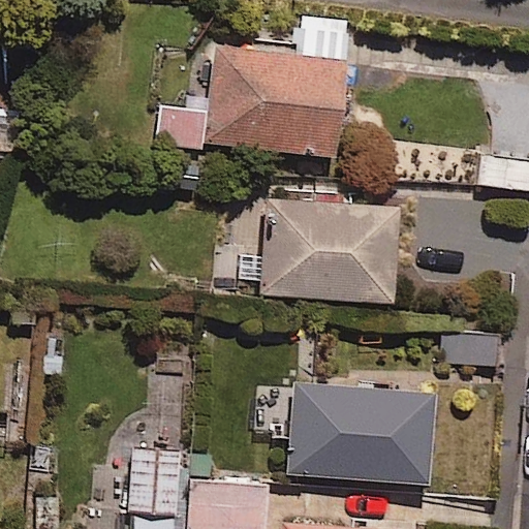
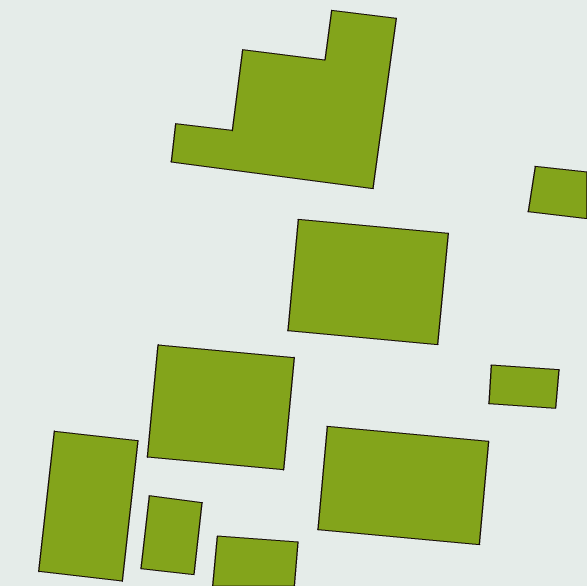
building: none -> [148,345,294,470]
building: none -> [39,431,138,581]

